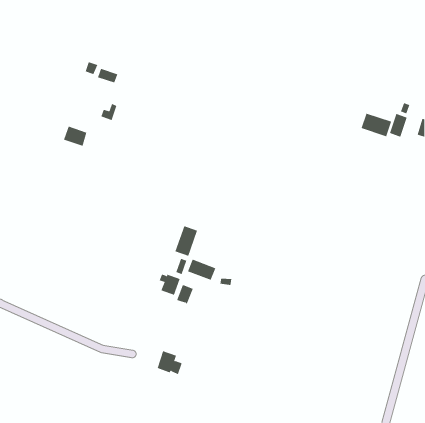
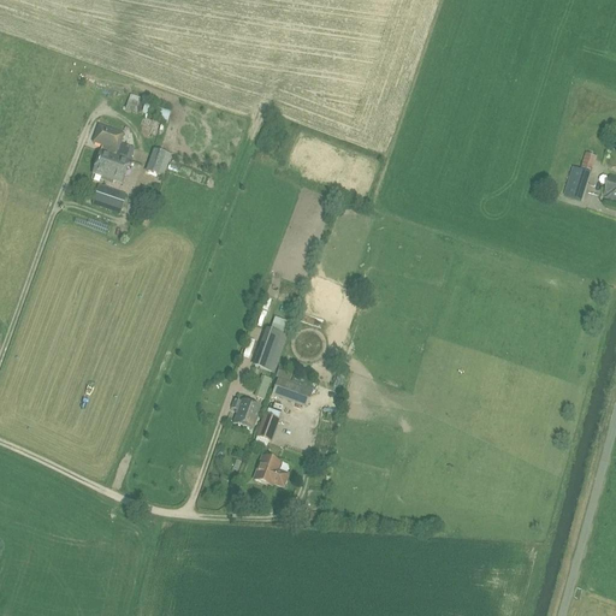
building: none -> [93,122,135,180]
building: [361,113,392,137] -> none
building: [157,351,183,375] -> [253,452,290,487]

